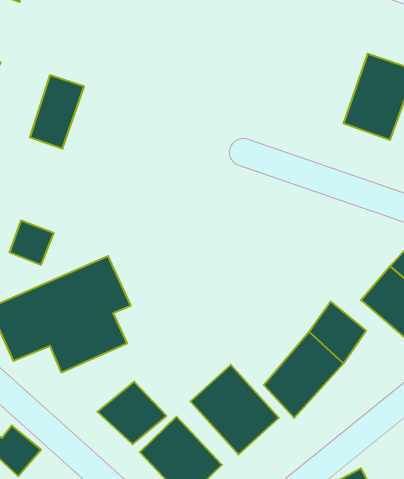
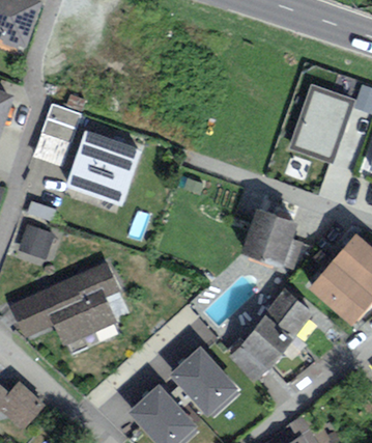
building: none -> [69,130,140,199]
building: none -> [249,214,303,267]
building: [97,382,166,444] -> none

